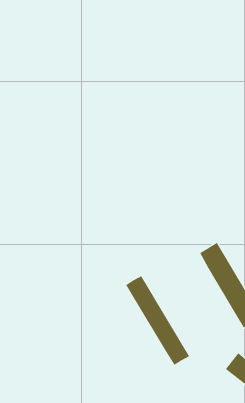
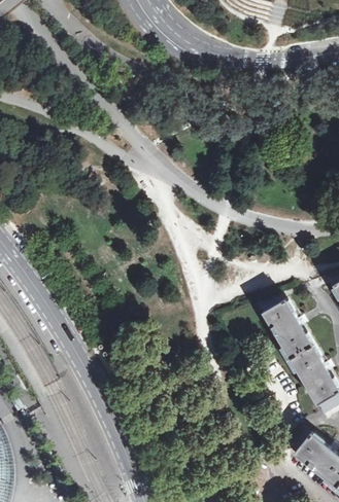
building: [125,275,190,366] -> none

